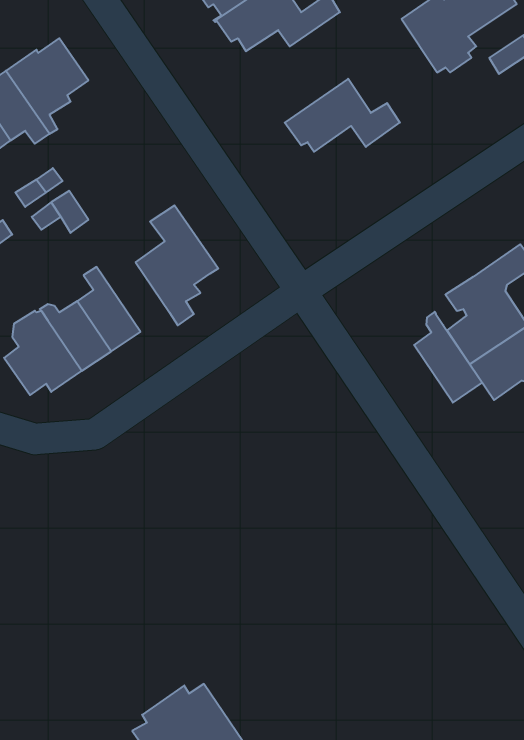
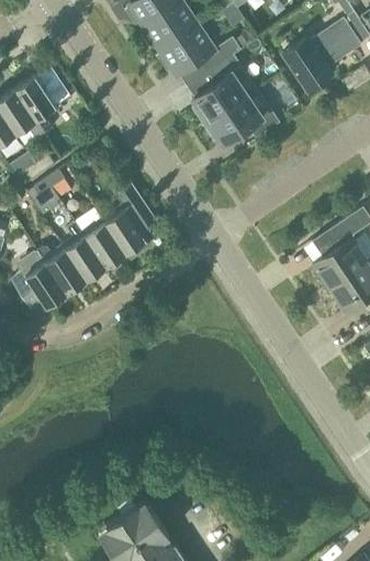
building: none -> [192,55,246,125]
building: none -> [76,210,125,267]
building: [414,312,482,403] -> none

